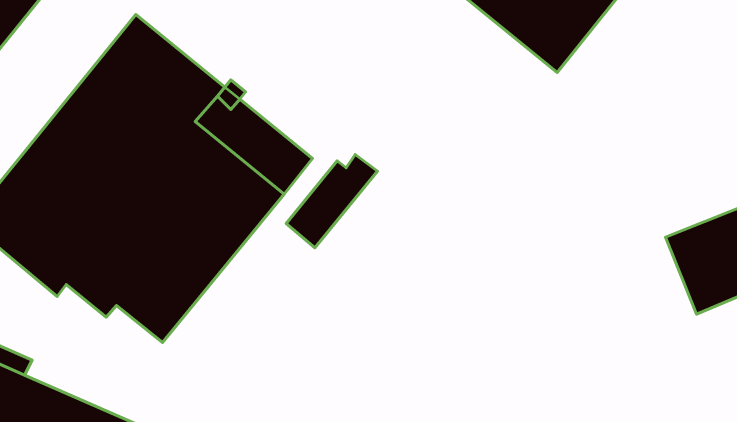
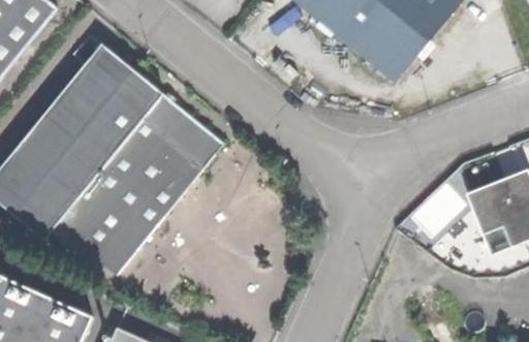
building: [286,154,377,248] -> none

